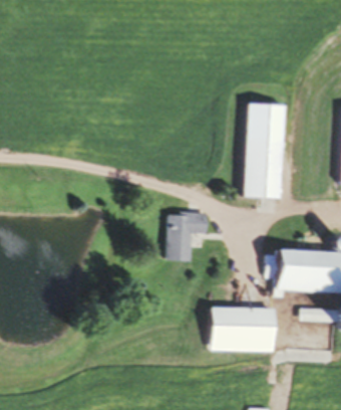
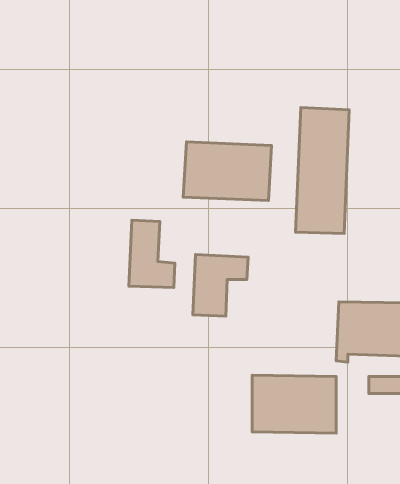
building: none -> [183,142,272,201]
building: none -> [129,220,175,288]

